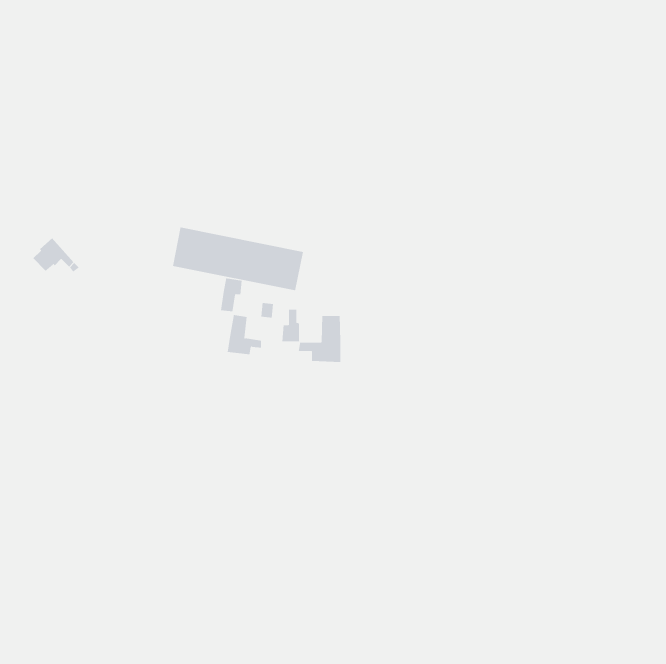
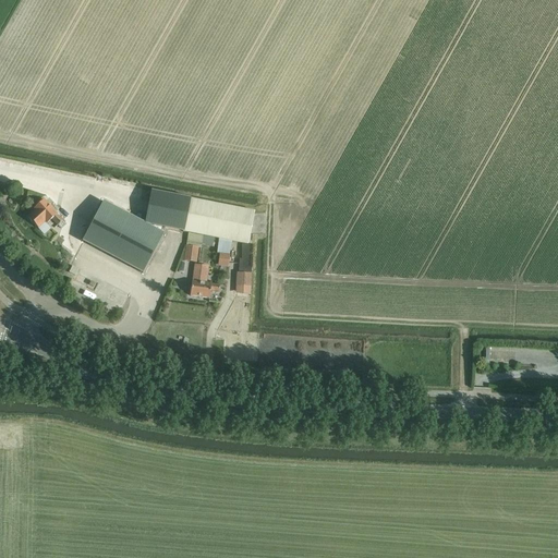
building: none -> [83,201,163,272]
building: [298,315,341,363] -> none

